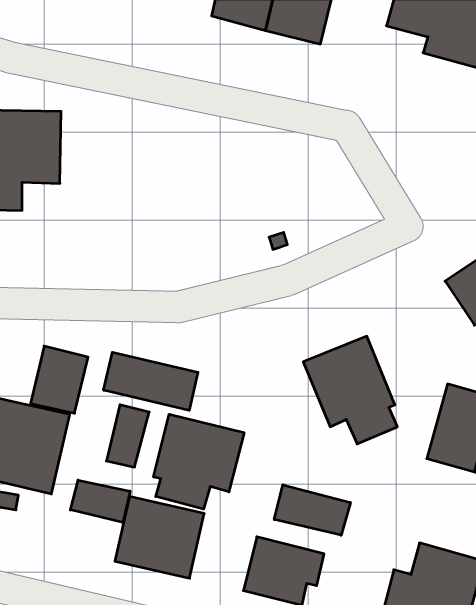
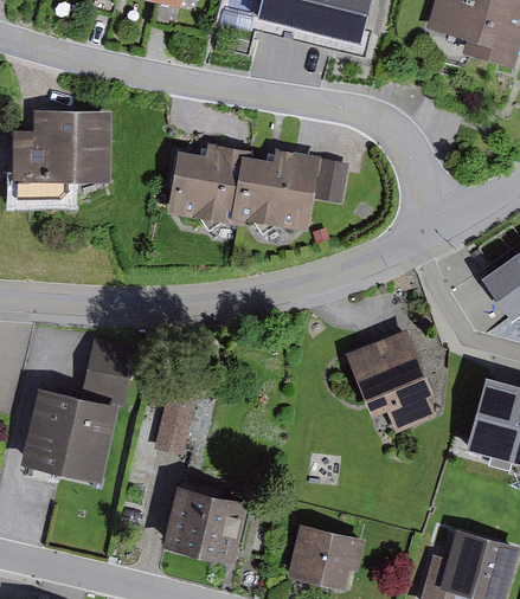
building: none -> [166,143,348,237]
building: [104,352,198,410] -> none
building: [154,414,244,509] -> none
building: [70,480,130,523] -> none
building: [274,485,350,535] -> none

